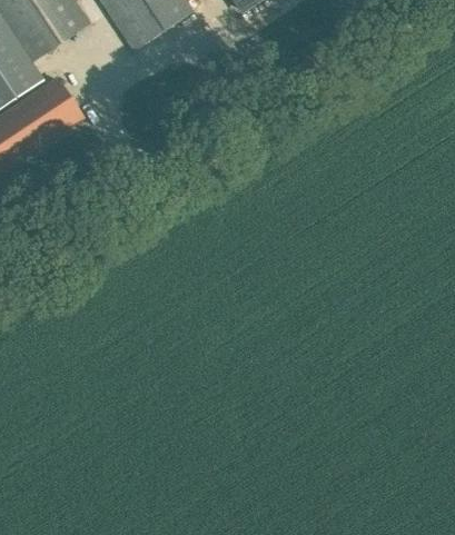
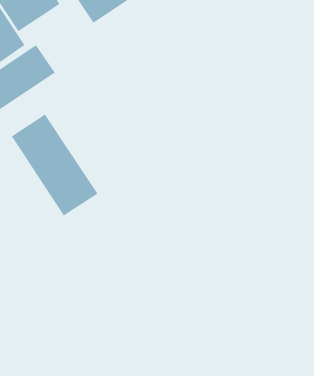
building: none -> [11,113,98,217]

